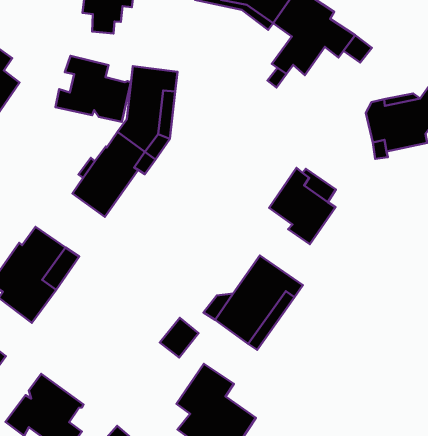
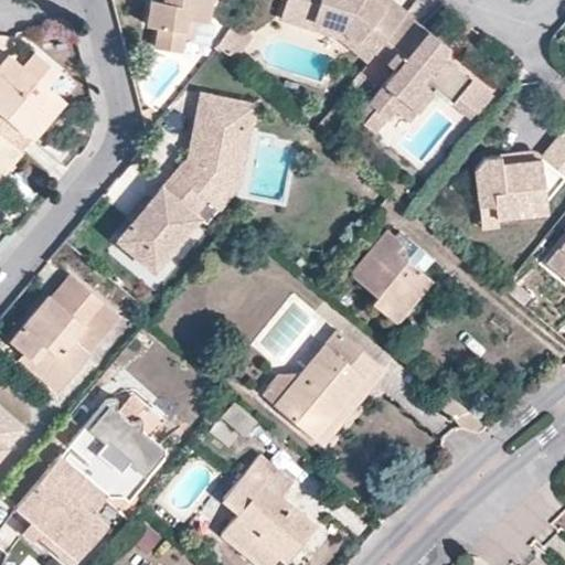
building: [56,56,131,122] -> none
building: none -> [63,403,162,501]

